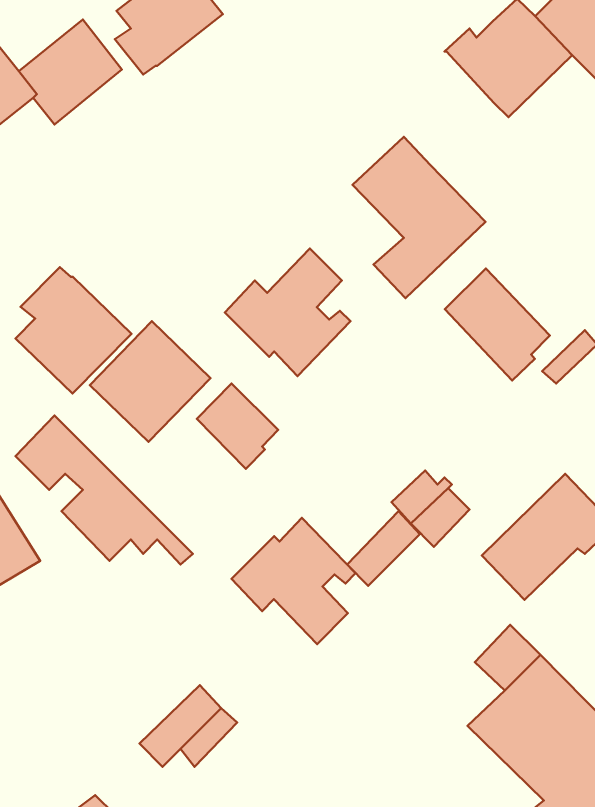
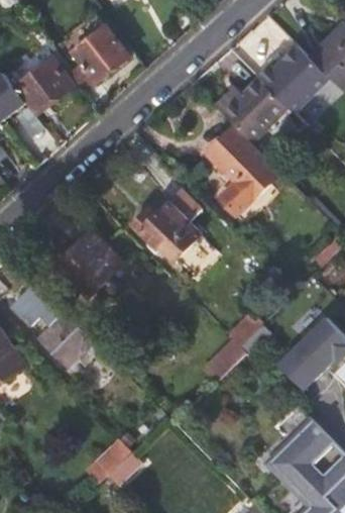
building: none -> [214,77,285,141]
building: [15,267,131,393] -> none
building: [445,269,550,381] -> none
building: [197,383,278,469] -> none
building: [232,518,356,644] -> none

